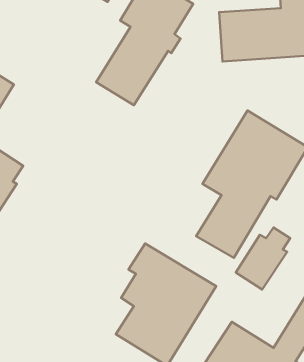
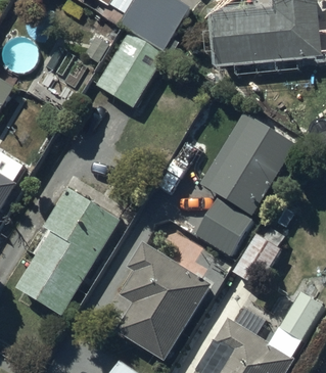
building: none -> [16,186,122,315]

